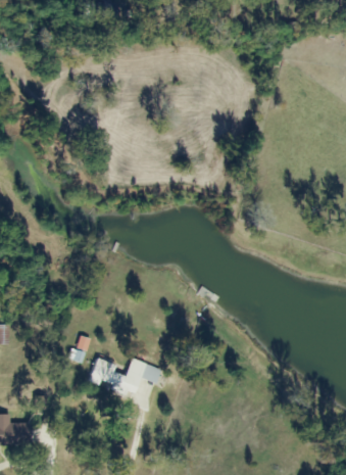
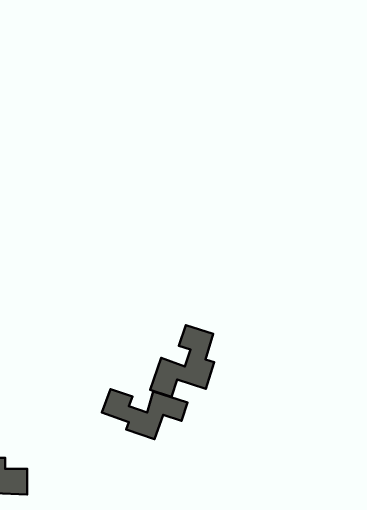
building: none -> [150,325,214,397]

